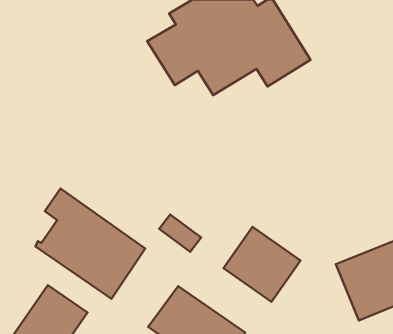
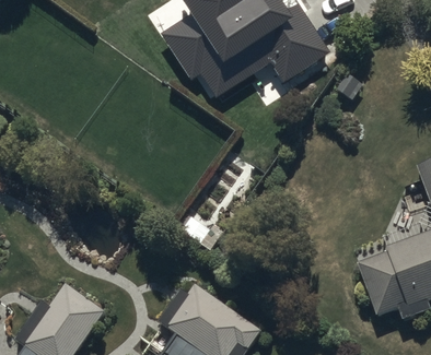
building: [35,189,145,299] -> none
building: [224,227,300,302] -> none

